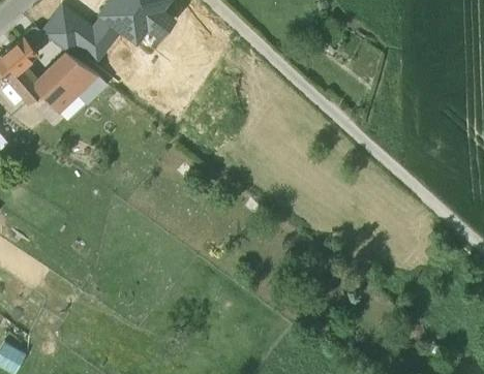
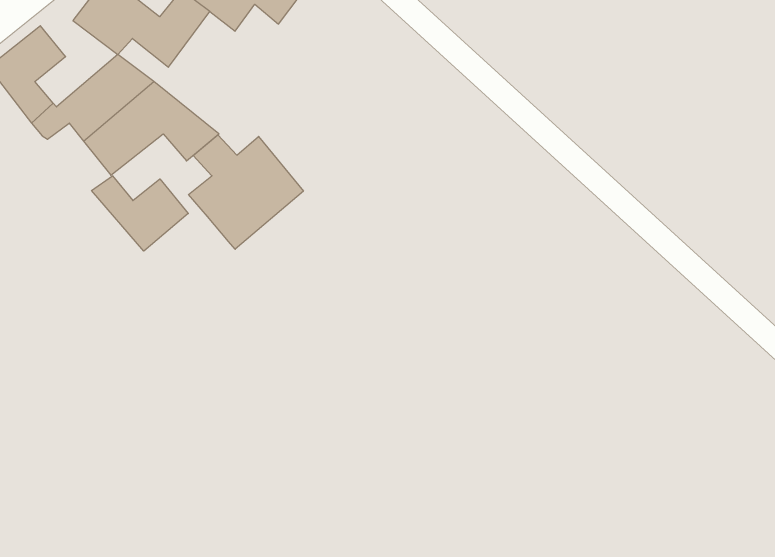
building: none -> [189,135,303,249]
building: none -> [92,176,188,251]

